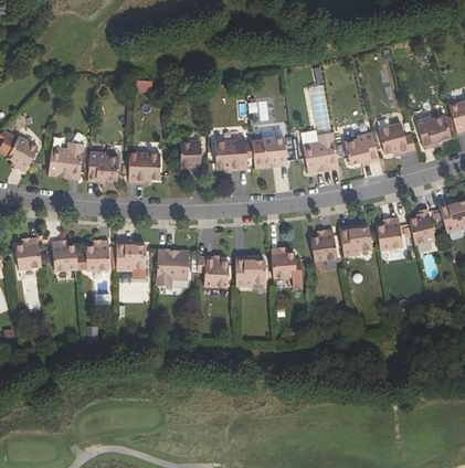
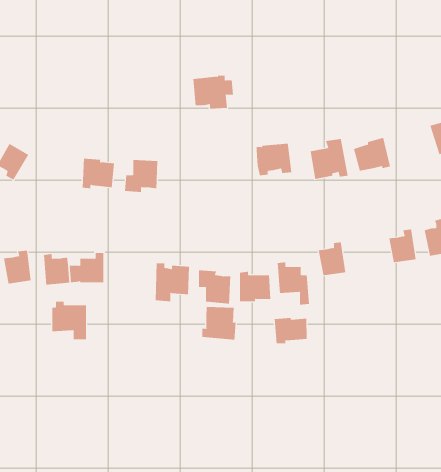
building: [379,123,416,153] -> none
building: [214,139,253,171] -> [193,75,234,109]
building: [49,141,84,179] -> none
building: [180,141,201,172] -> none
building: [340,226,373,256] -> none
building: [114,242,147,278] -> [52,301,87,340]
building: none -> [202,306,236,340]
building: none -> [274,317,307,344]

